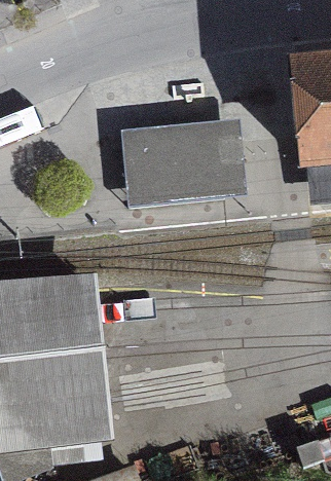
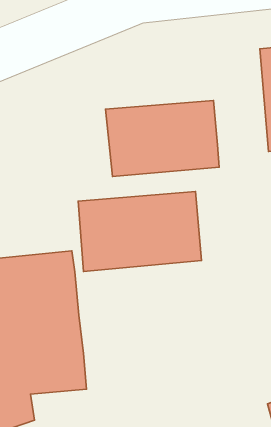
building: none -> [78,191,202,272]

